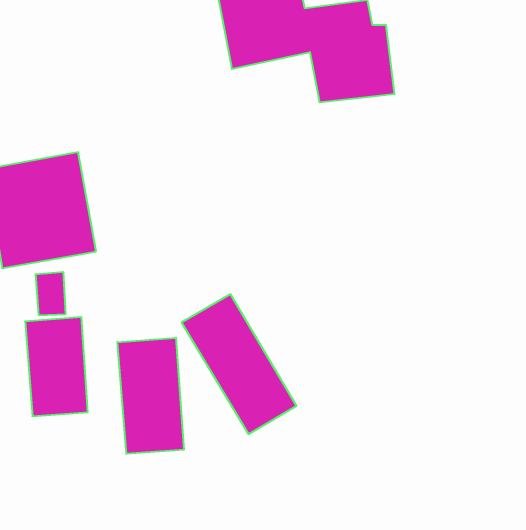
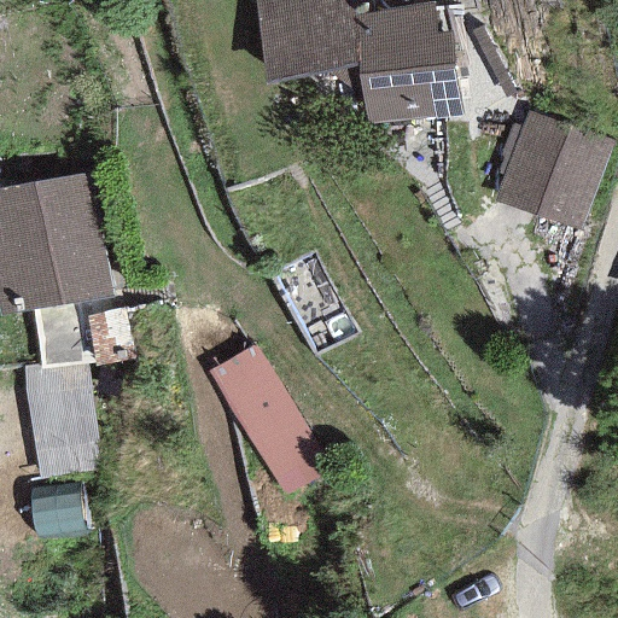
building: none -> [492,109,604,226]
building: [117,338,184,454] -> none

